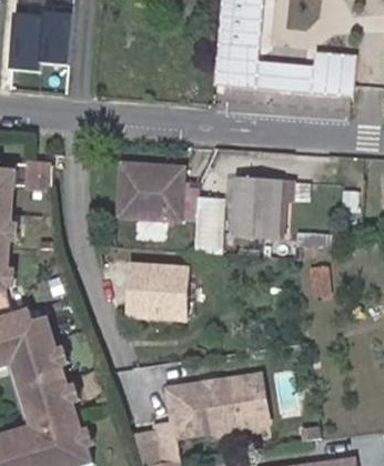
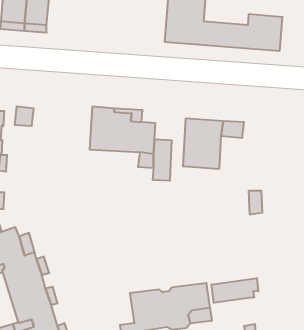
building: [129,265,186,318] -> none
building: none -> [211,278,258,303]

